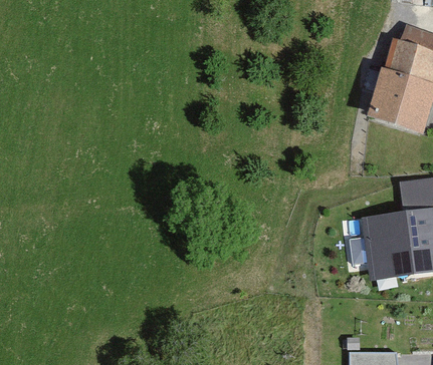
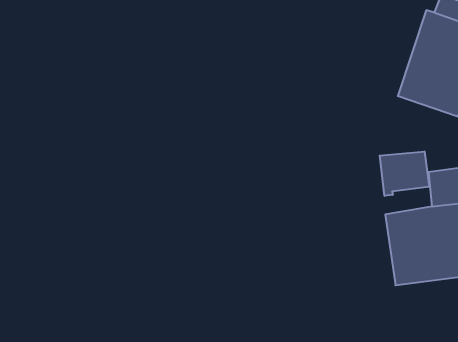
building: none -> [380,151,429,196]

